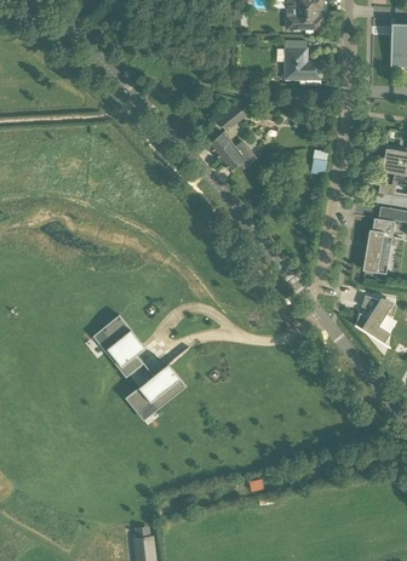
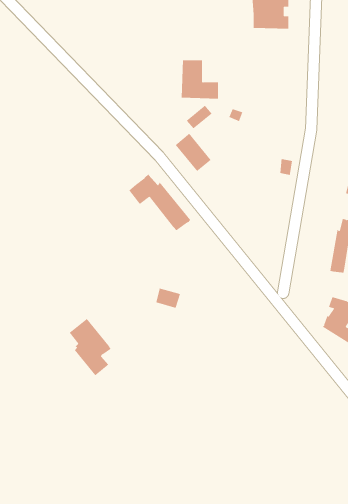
building: [285,41,322,80] -> [181,60,219,99]
building: none -> [128,174,191,231]
building: [128,363,185,411] -> none

